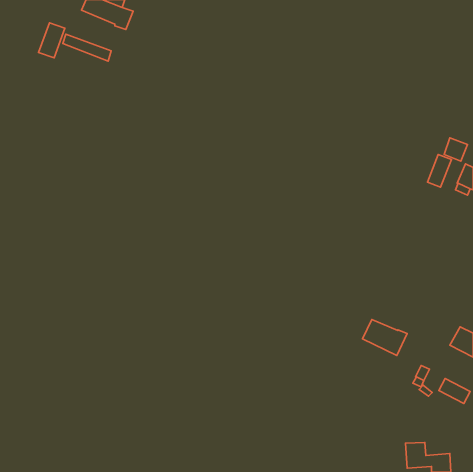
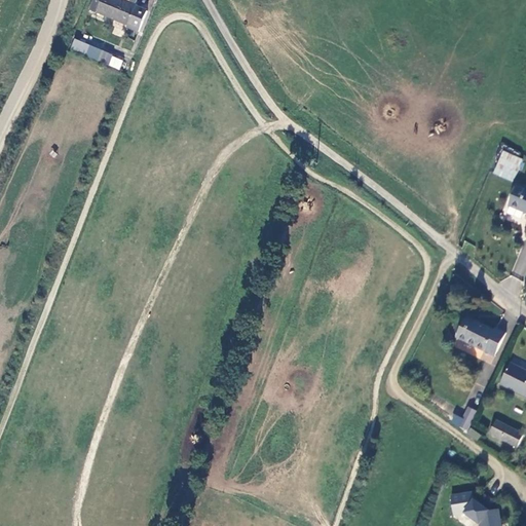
building: [39,23,65,58] -> none
building: [427,155,451,187] -> none
building: [363,319,407,356] -> [456,317,505,358]

